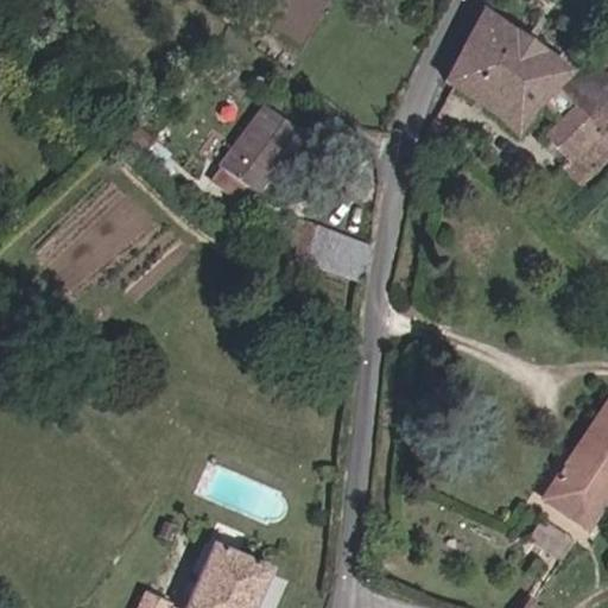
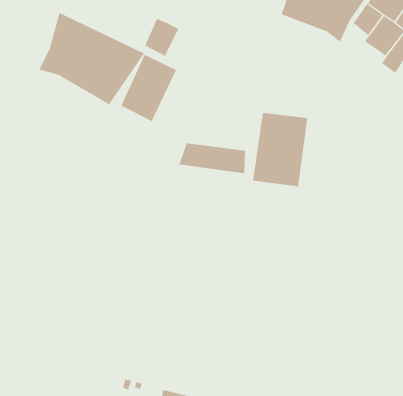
building: none -> [38,12,145,105]
building: none -> [144,18,179,57]
building: none -> [252,112,308,187]

